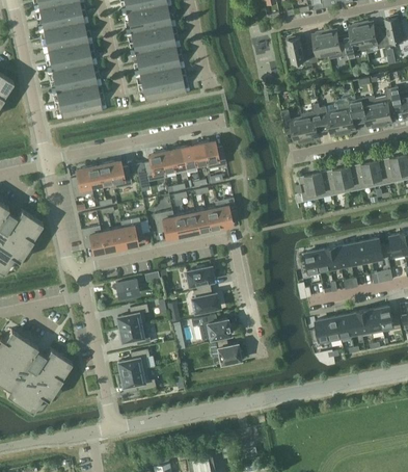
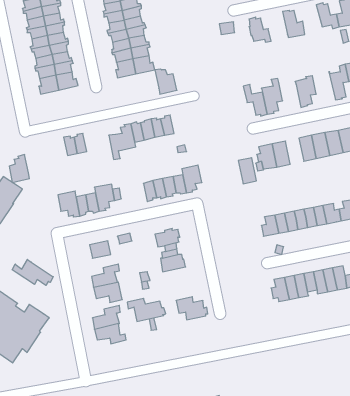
building: [347,23,369,59] -> none
building: [309,30,330,62] -> none
building: [357,96,382,128] -> none
building: [321,106,345,135] -> none
building: [203,141,227,168] -> [155,69,177,94]
building: [109,161,133,188] -> none
building: [72,166,93,196] -> [9,155,29,182]
building: [328,167,348,195] -> [238,158,256,184]
building: [155,210,179,237] -> none
building: none -> [12,259,53,285]
building: [192,315,234,340] -> [127,298,166,321]

